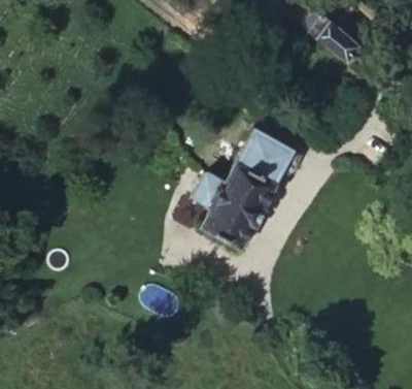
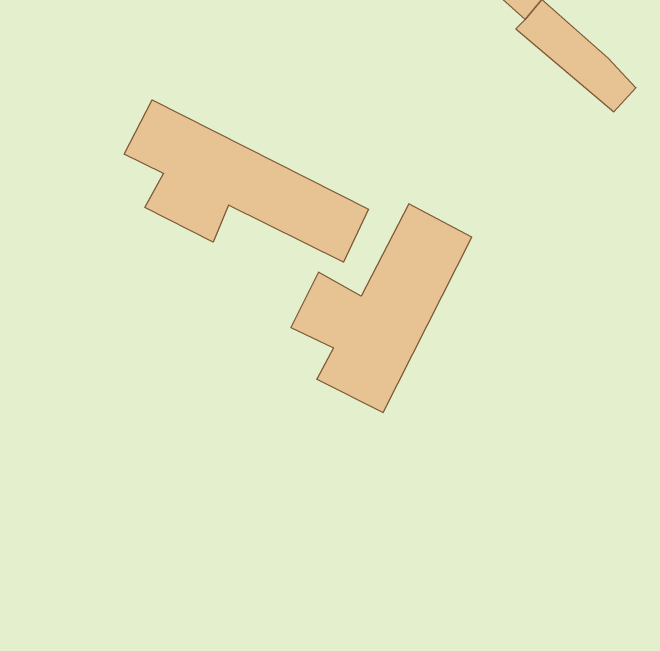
building: none -> [124,100,368,262]

